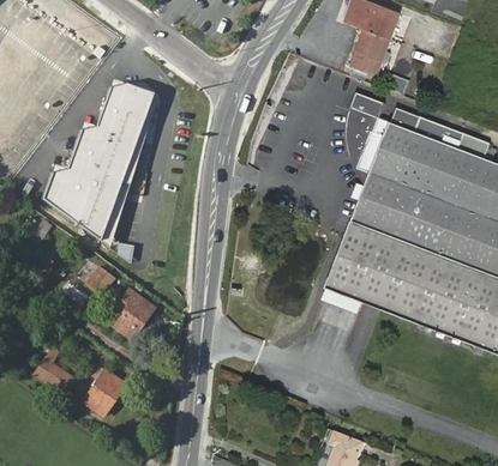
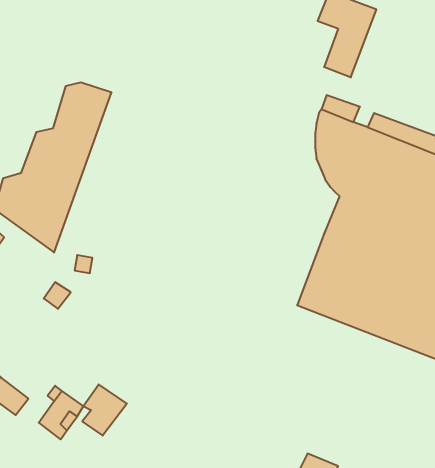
building: [113,290,155,338] -> [82,384,127,436]

